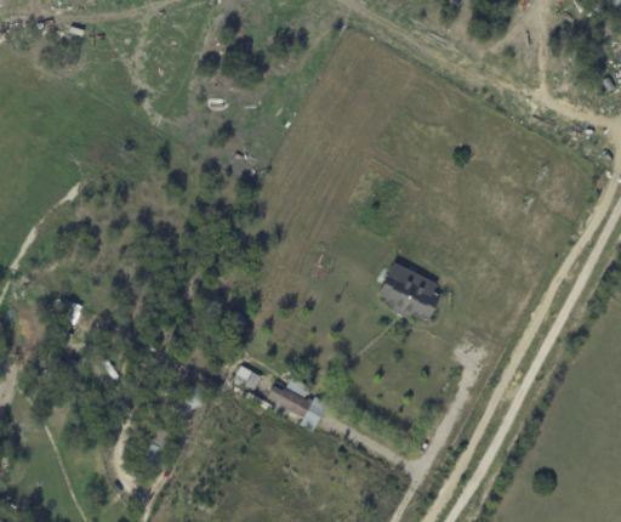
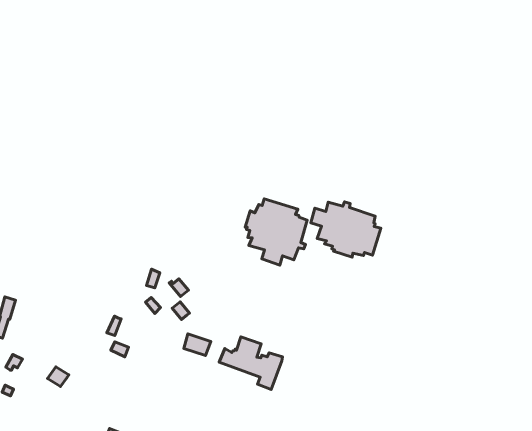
building: none -> [245,199,307,265]

